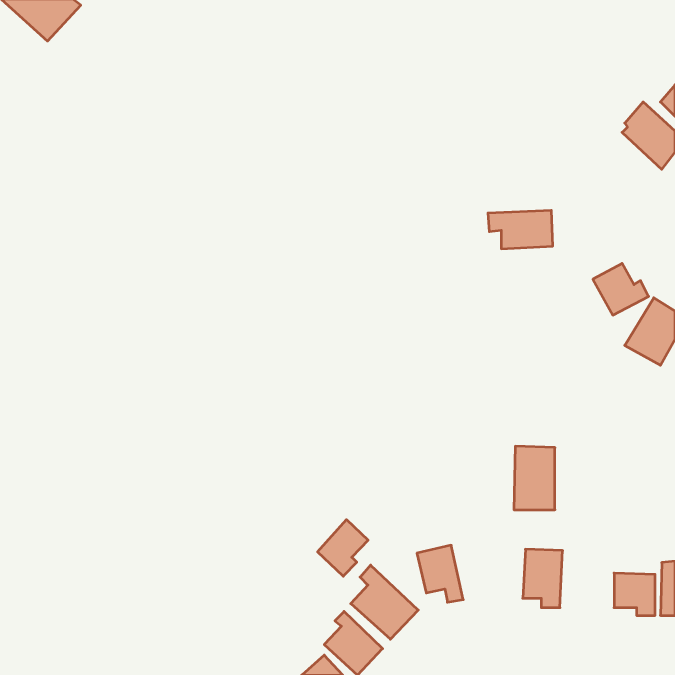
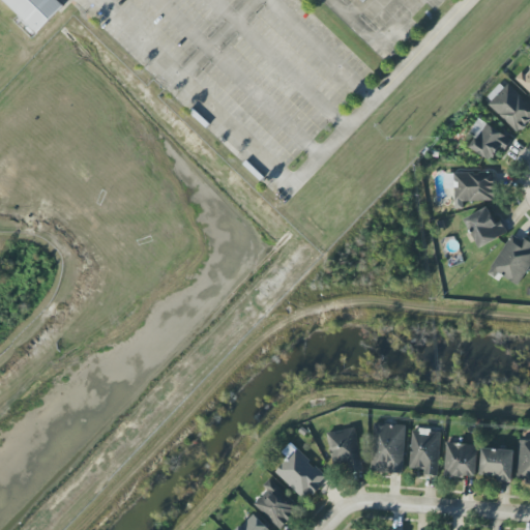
building: none -> [467,117,511,160]
building: [488,210,553,249] -> [443,172,494,202]
building: [514,446,555,510] -> [372,422,404,472]
building: [318,520,368,576] -> none
building: none -> [444,443,477,477]

